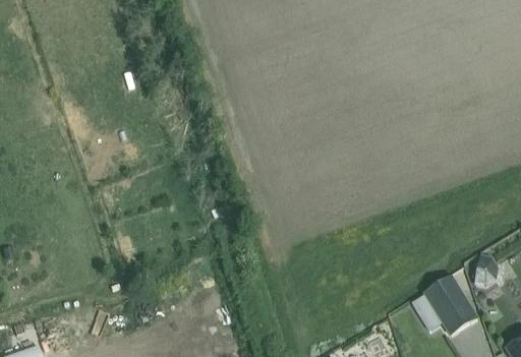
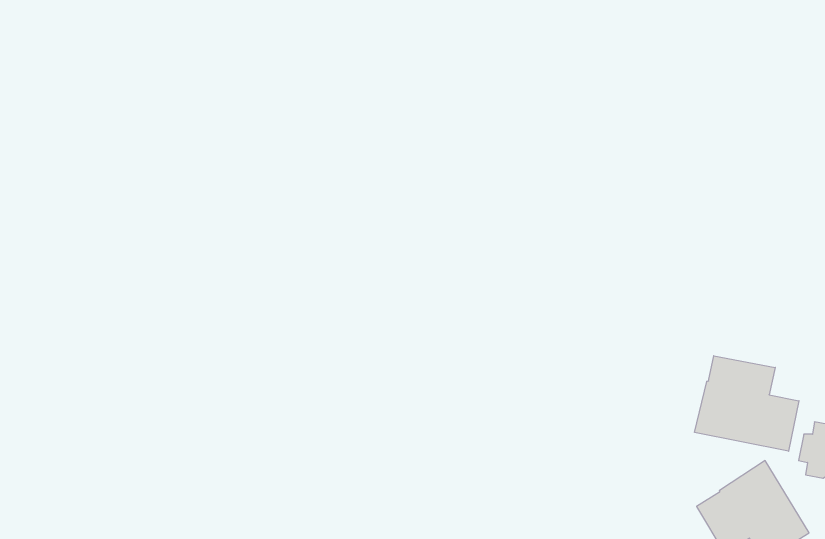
building: none -> [695,356,799,451]

